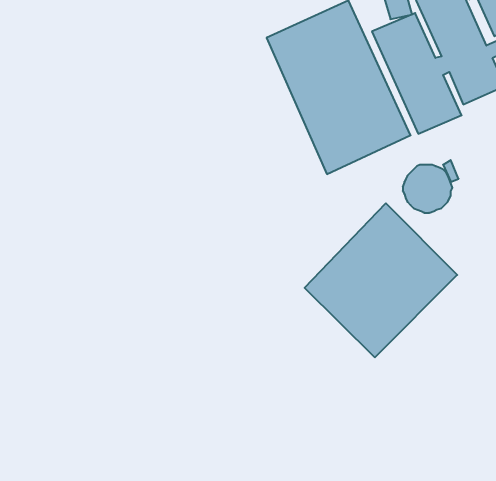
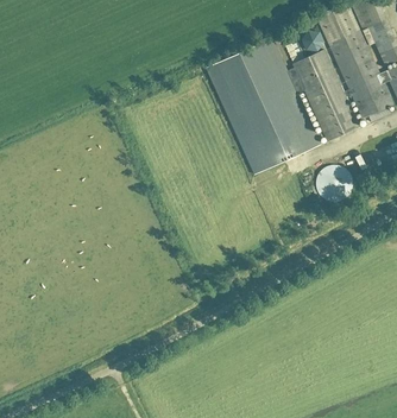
building: [305,203,457,357] -> none

